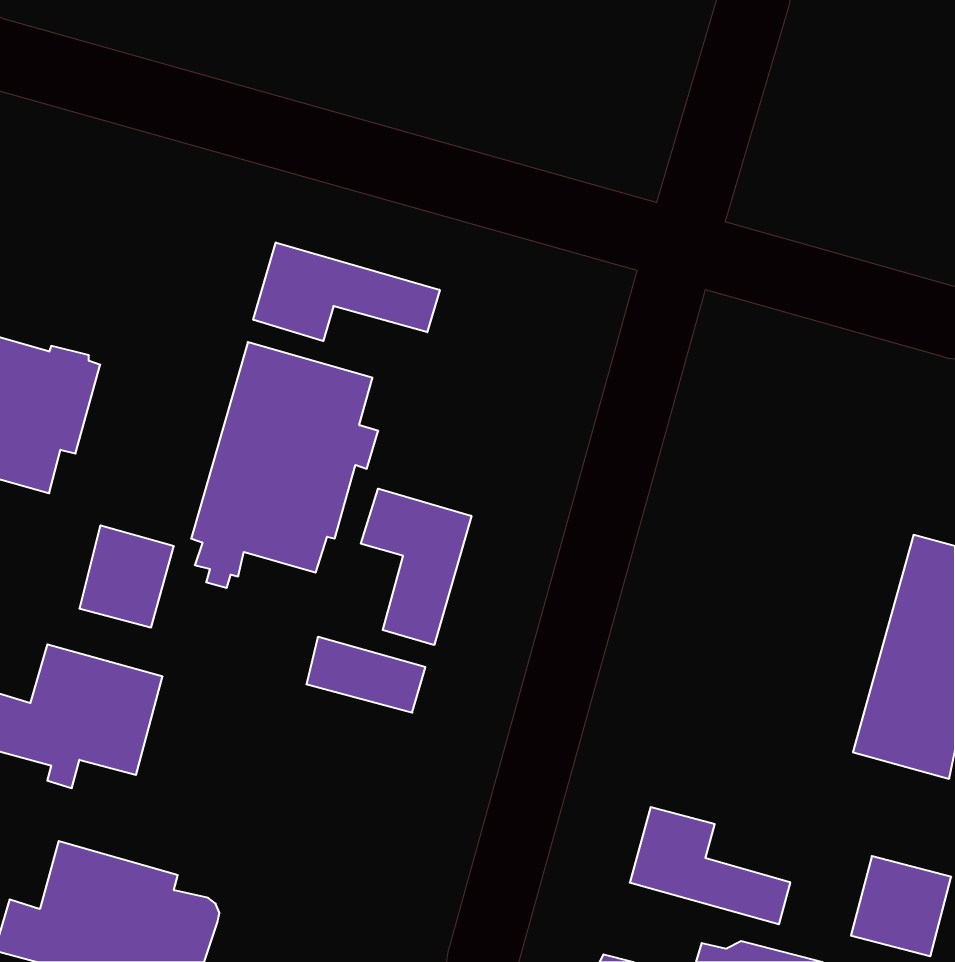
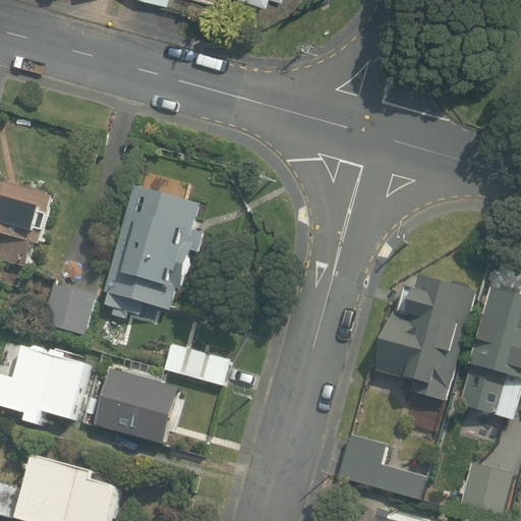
building: [253,242,440,341] -> none
building: [361,489,471,645] -> none
building: none -> [377,275,476,401]
building: none -> [96,369,181,445]

